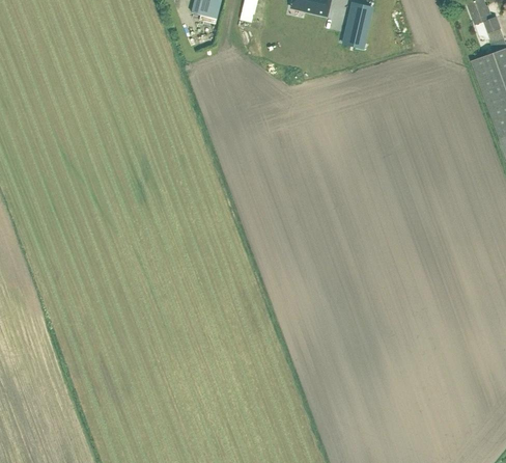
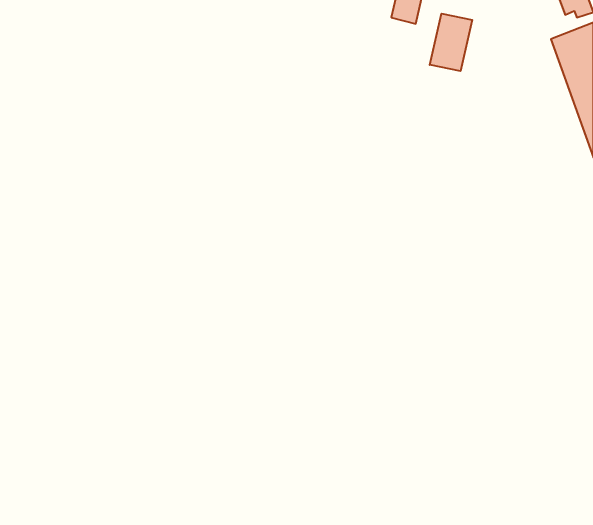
building: none -> [430,14,472,71]

